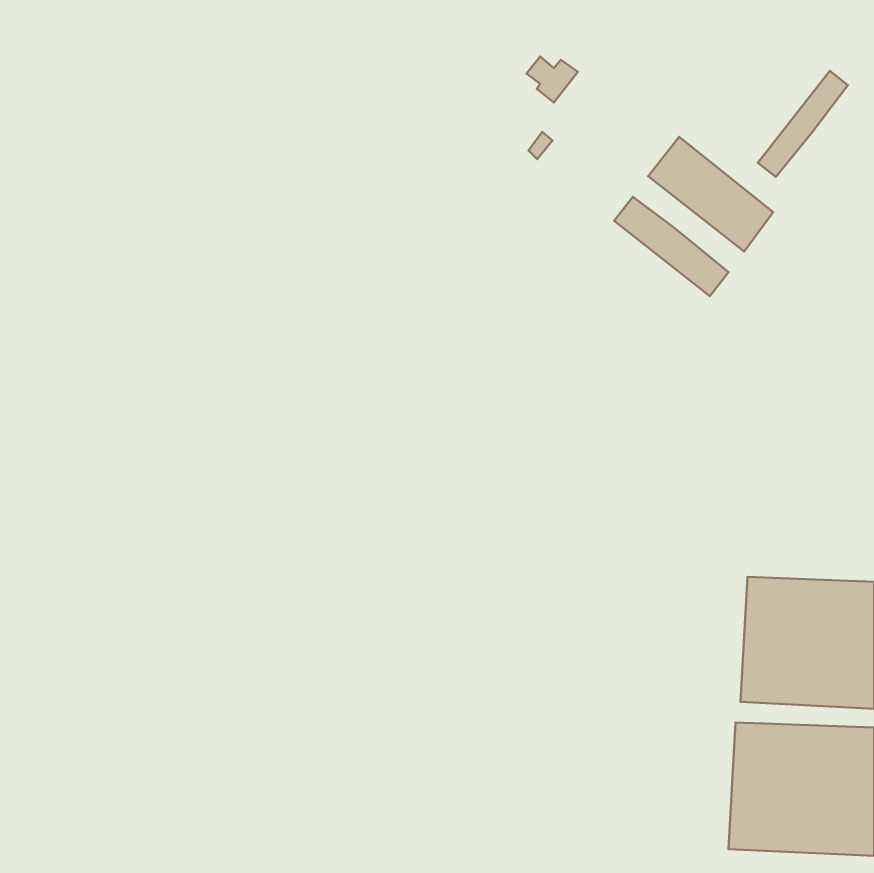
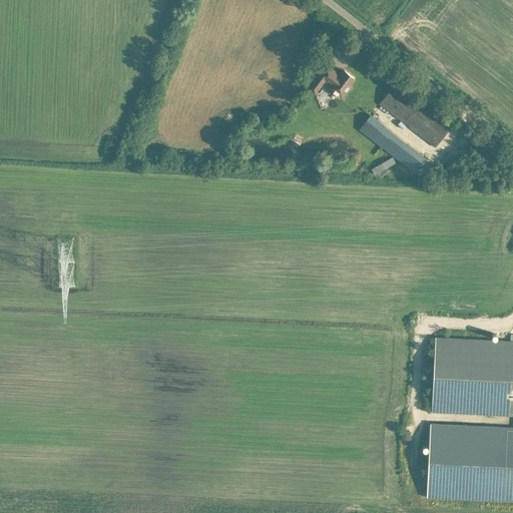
building: [527,56,578,103] -> [325,70,355,97]
building: [758,71,848,177] -> none

